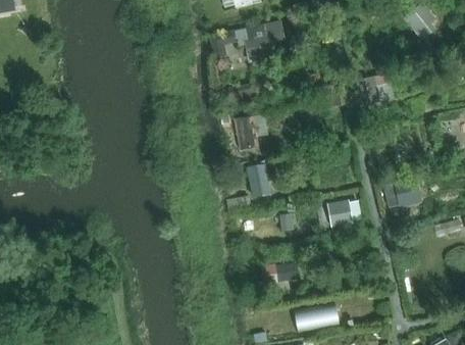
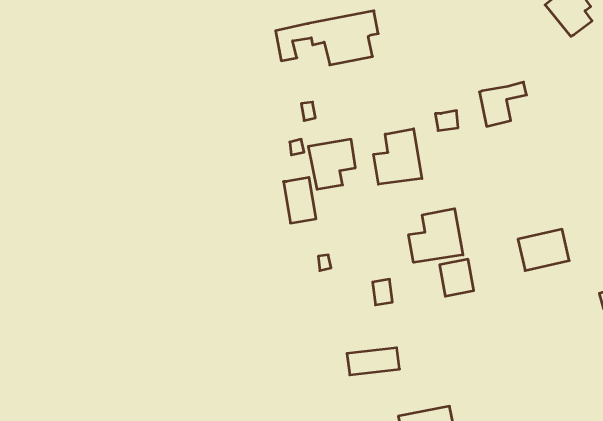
building: none -> [374,129,422,184]
building: none -> [409,209,463,262]
building: [247,163,270,196] -> [283,177,316,223]

